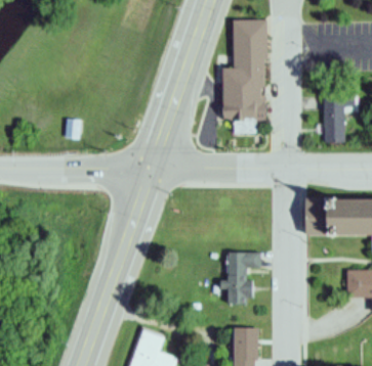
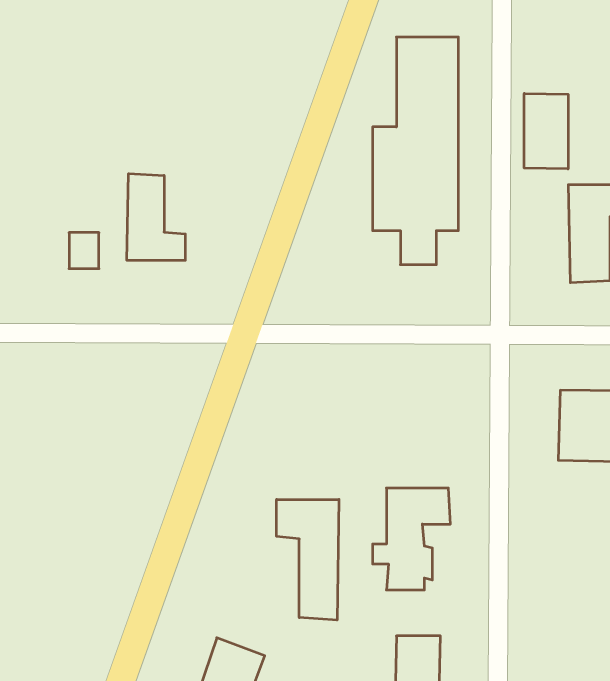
building: none -> [524,93,568,169]
building: none -> [127,174,185,260]
building: none -> [277,499,339,620]

